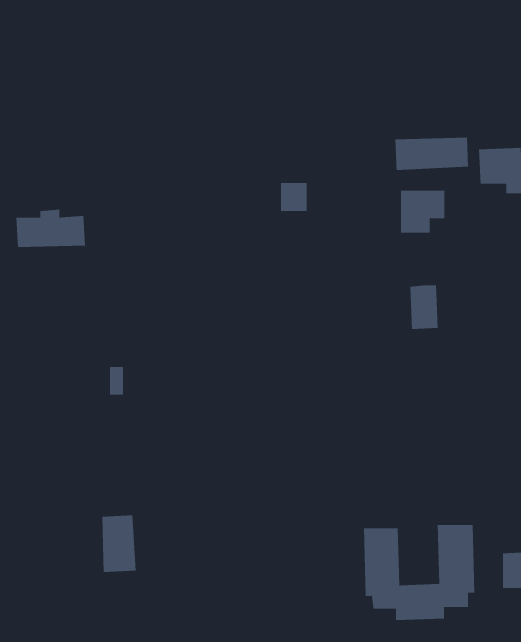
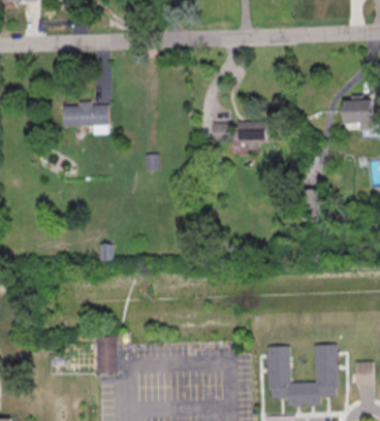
building: [395,137,468,171] -> none
building: [400,190,445,233] -> [239,122,267,150]
building: [15,209,86,248] -> [61,101,106,126]

